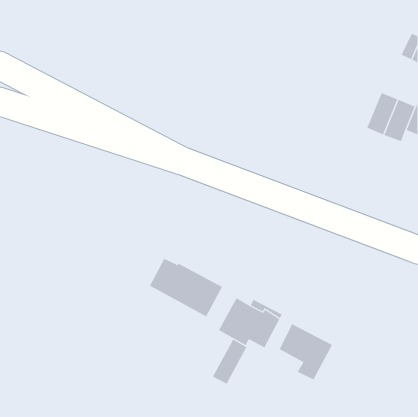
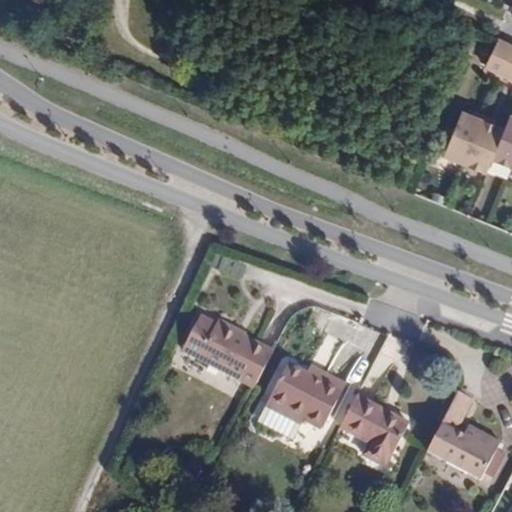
building: none -> [427,391,498,476]
building: [212,339,247,385] -> none

